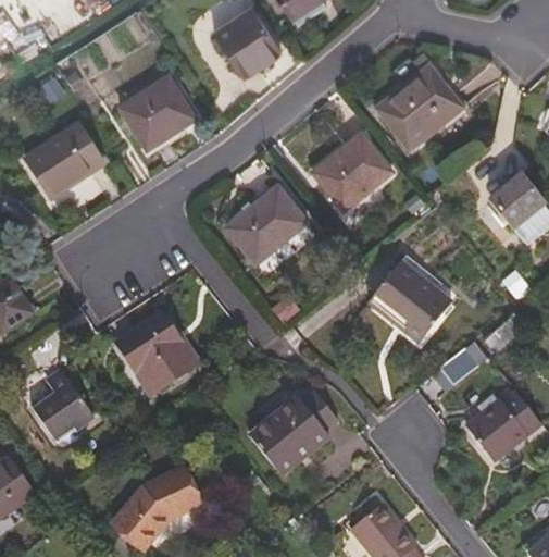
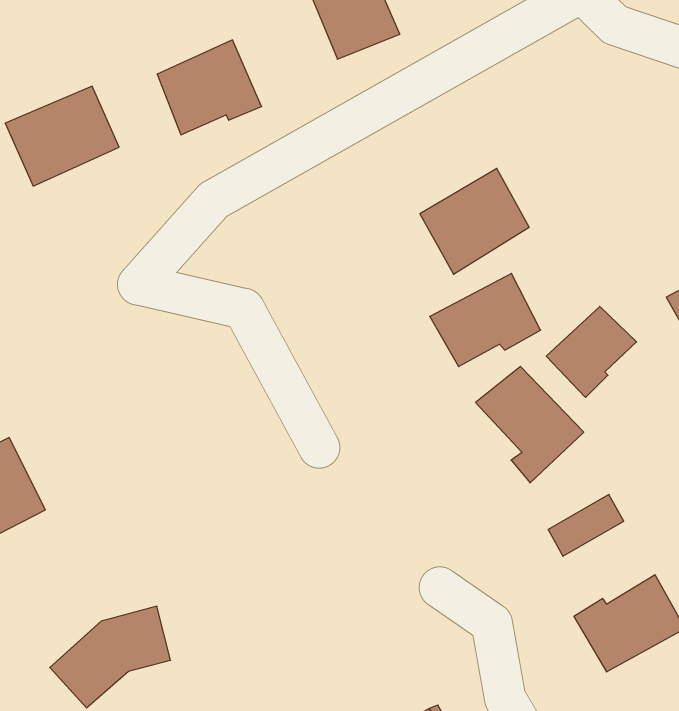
building: [376,63,465,151] -> none
building: [228,195,304,263] -> [430,273,541,367]
building: none -> [546,306,637,397]
building: [123,317,199,392] -> none
building: [251,391,336,470] -> none

